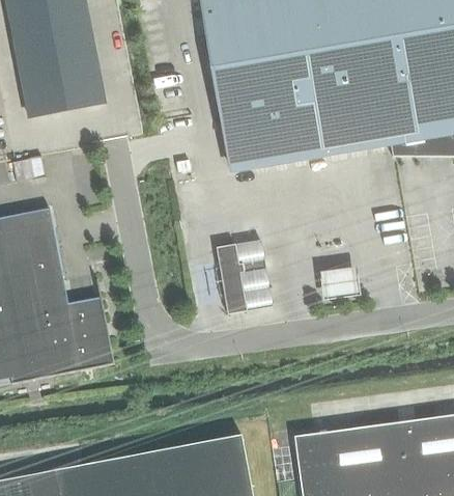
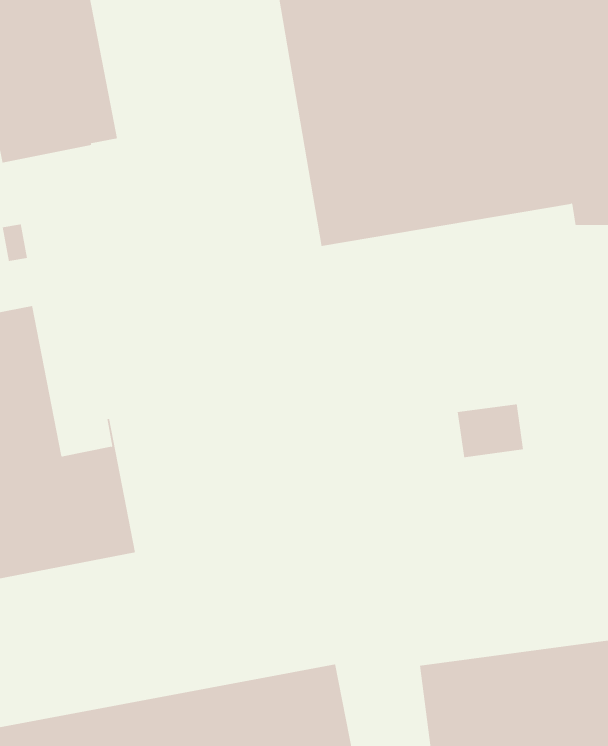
building: [215,240,272,315] -> none

